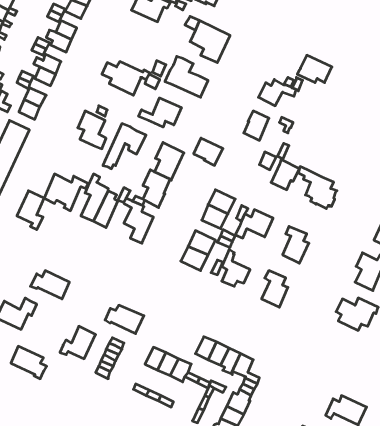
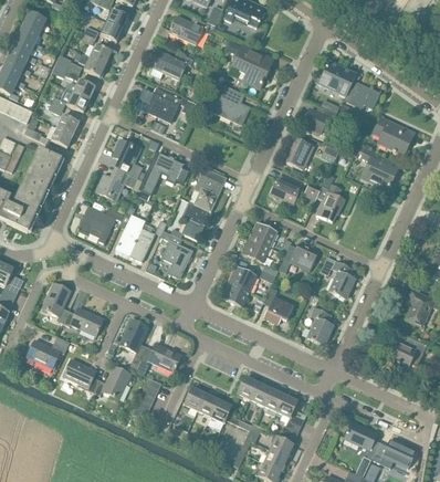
building: none -> [150,51,193,80]
building: none -> [318,60,356,95]
building: none -> [375,116,416,154]
building: [139,98,181,127] -> none
building: [194,138,223,165] -> [272,175,303,203]
building: none -> [96,168,138,200]
building: [298,167,337,209] -> [357,144,398,188]
building: [17,191,44,230] -> [42,282,71,323]
building: none -> [119,317,149,358]
building: [11,346,47,379] -> [63,358,101,392]
building: none -> [344,420,381,459]

